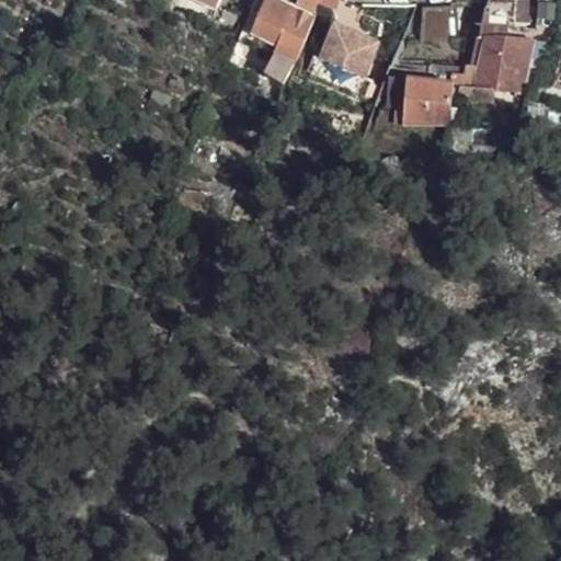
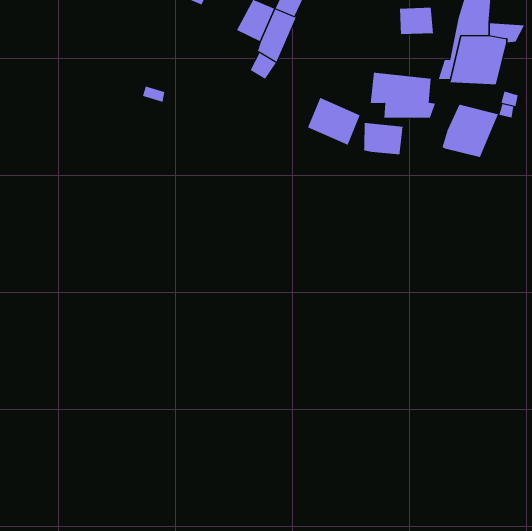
building: [322,22,378,72] -> [307,97,361,145]
building: none -> [442,104,499,158]
building: none -> [364,122,404,155]

